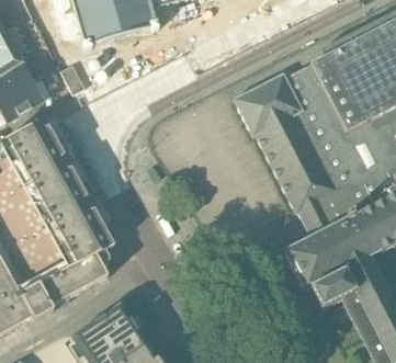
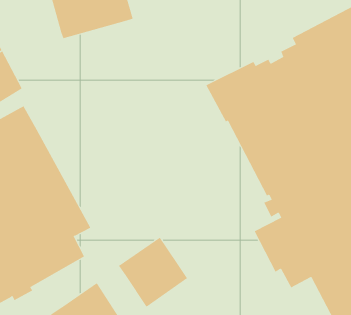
building: none -> [118,237,188,307]

